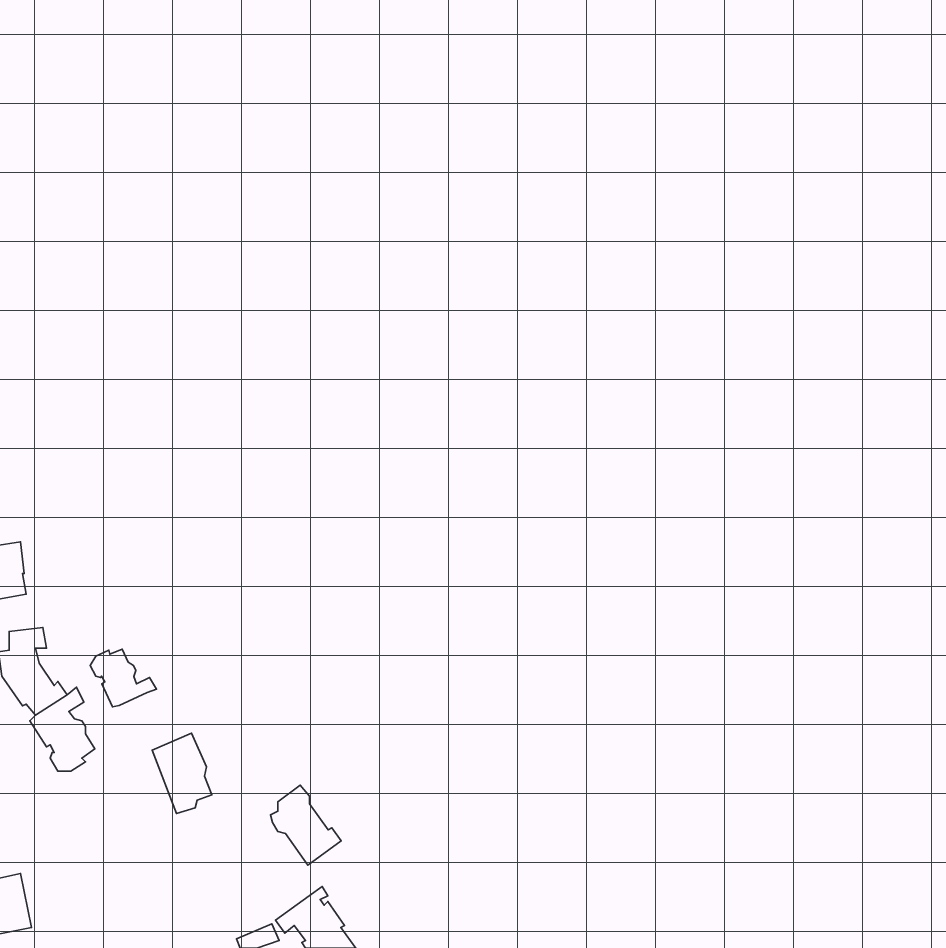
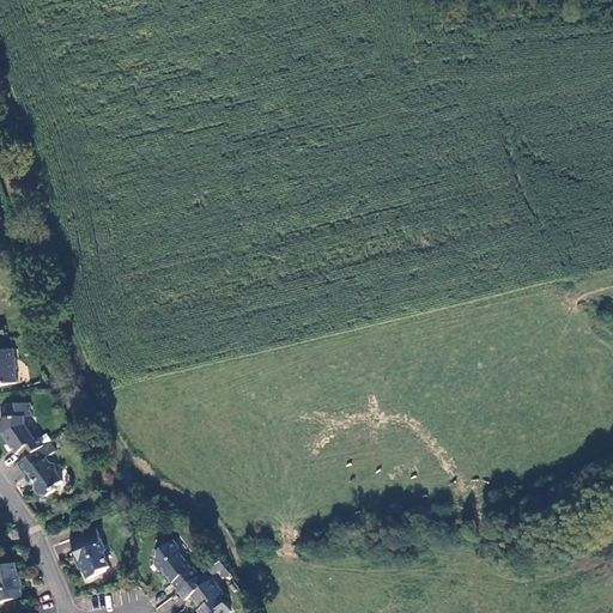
building: [90,649,157,707] -> none
building: [152,733,212,813] -> [69,527,108,578]
building: [270,785,341,865] -> [153,540,199,591]

